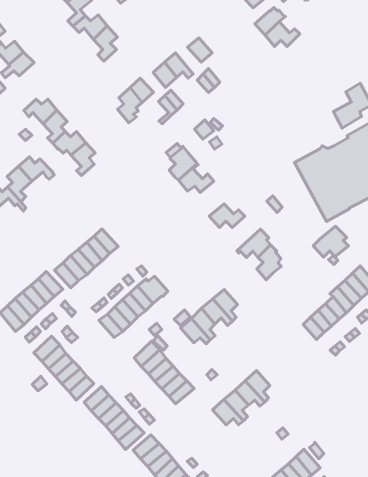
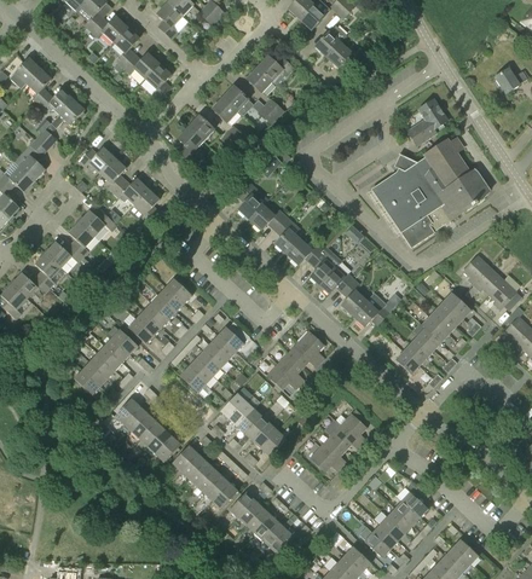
building: none -> [256,56,294,86]
building: none -> [274,218,300,254]
building: none -> [310,248,341,288]
building: [313,226,348,257] -> [352,293,389,326]

